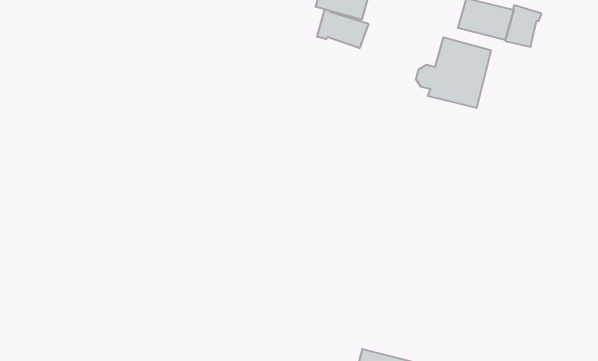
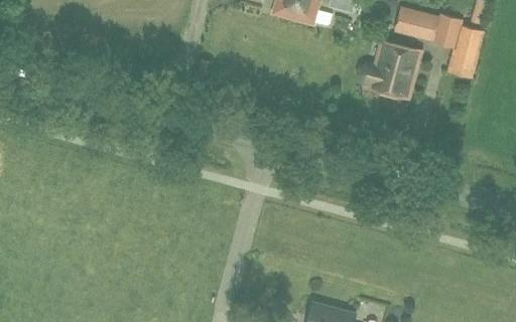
building: [317,9,368,48] -> none
building: none -> [448,26,483,77]

